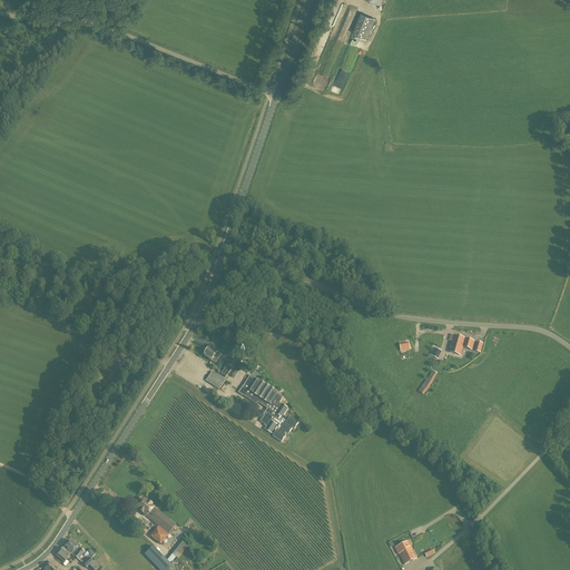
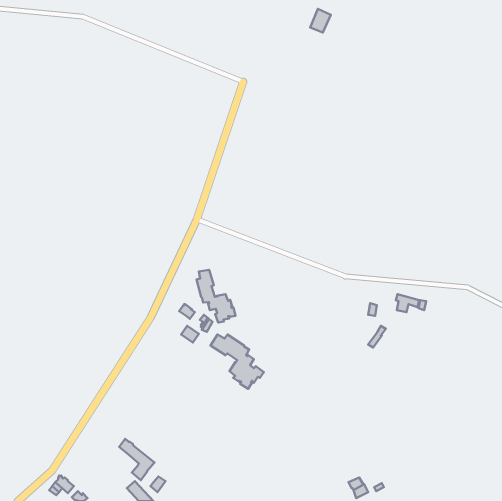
building: none -> [196,270,236,323]

